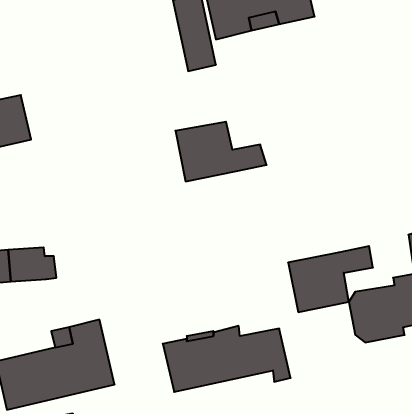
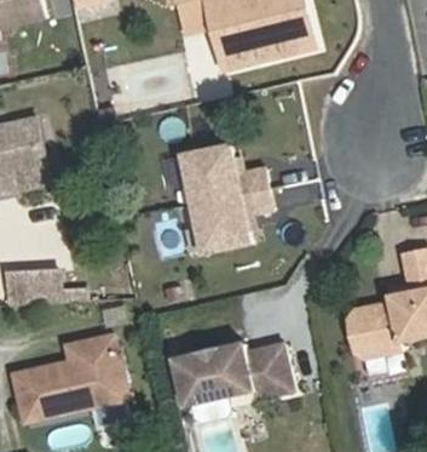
building: [288,246,373,312] -> [191,187,272,250]

